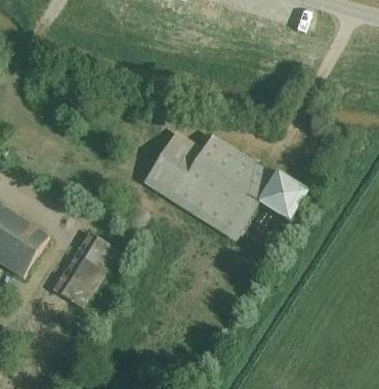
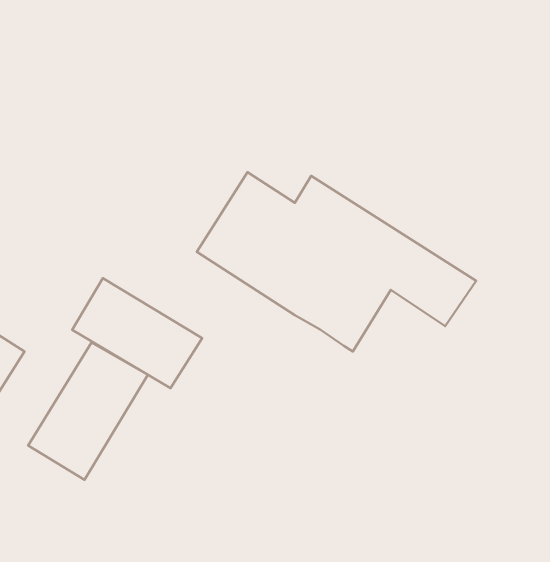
building: none -> [72,278,202,388]

